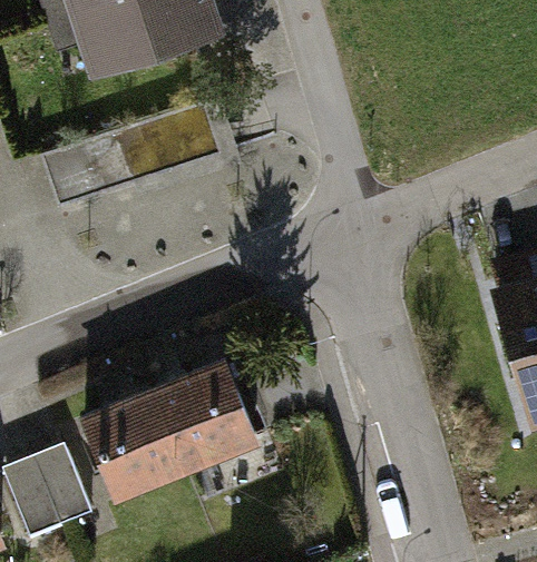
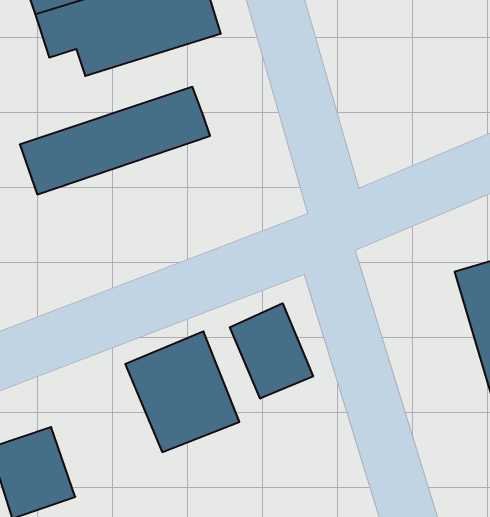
building: none -> [230,303,313,399]
building: [74,378,184,501] -> none

